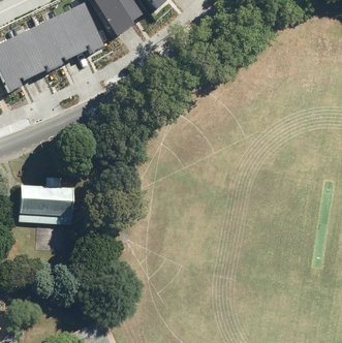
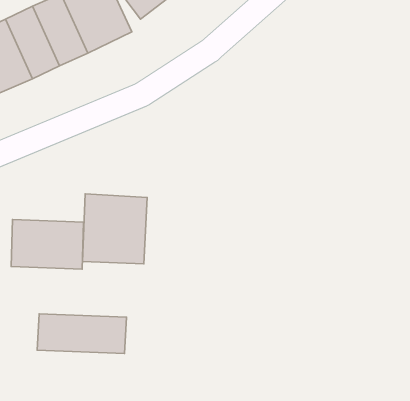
building: none -> [82,194,147,264]
building: none -> [37,314,127,354]

